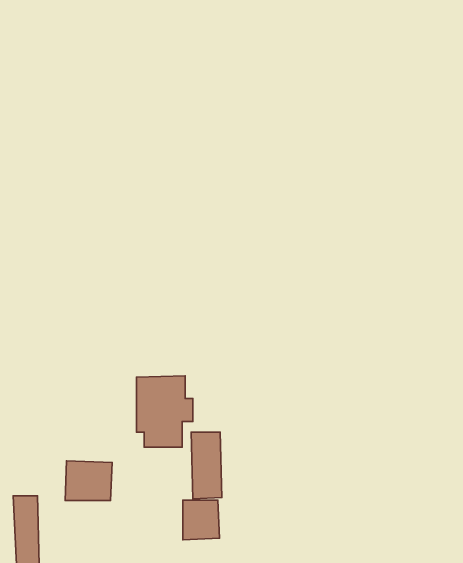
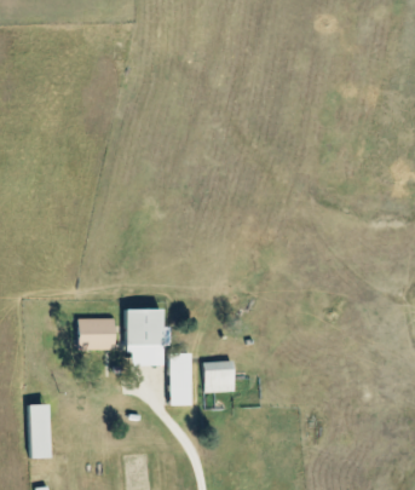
building: [65,461,112,500] -> [79,318,116,350]
building: [183,500,219,540] -> [207,362,236,393]

